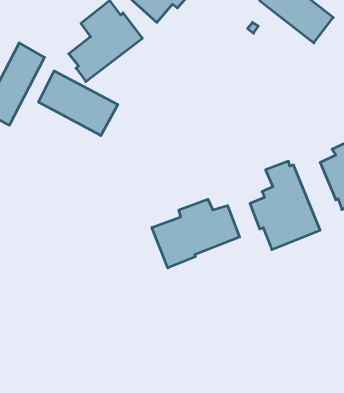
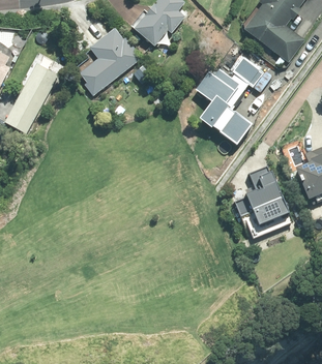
building: none -> [195,57,262,143]
building: [39,71,118,136] -> none
building: [152,199,240,268] -> none

